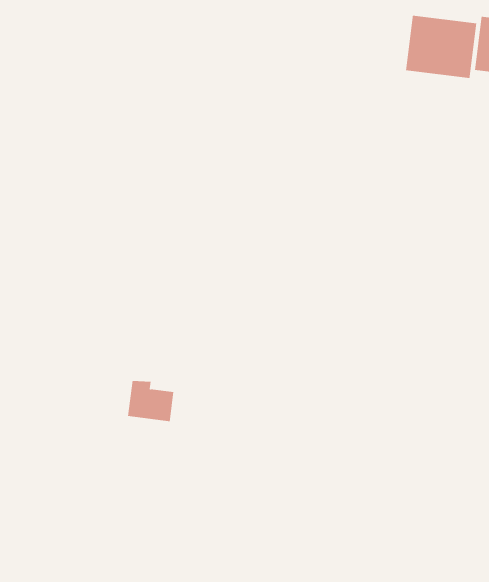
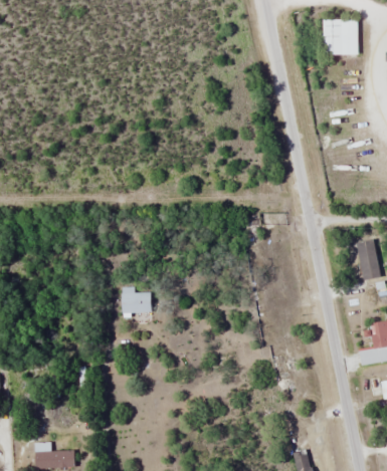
building: [405,15,477,79] -> none

